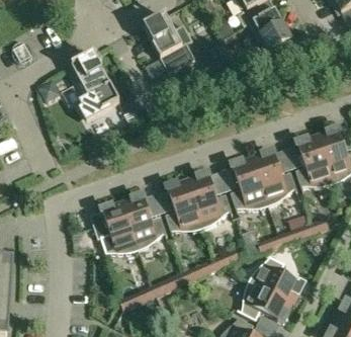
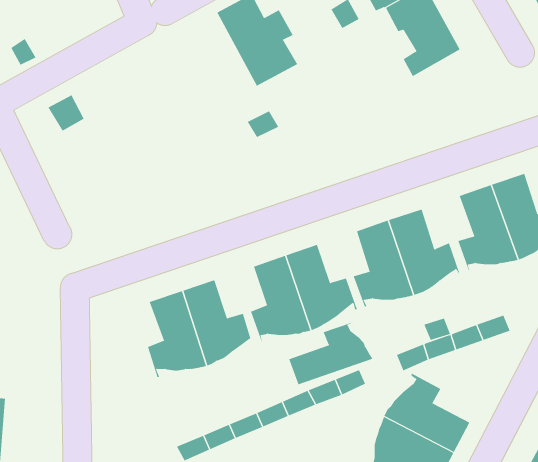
building: [72,53,119,116] -> none
building: none -> [289,321,373,385]

